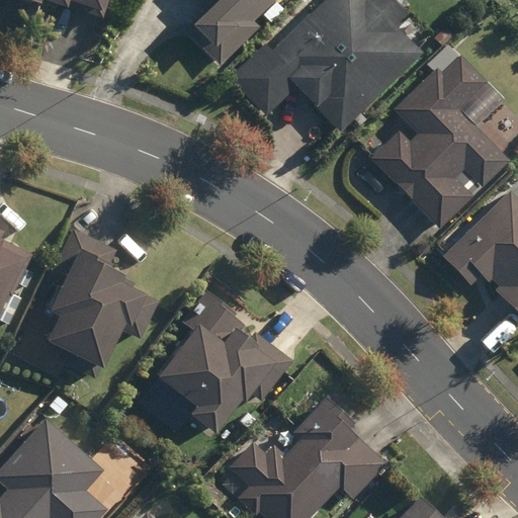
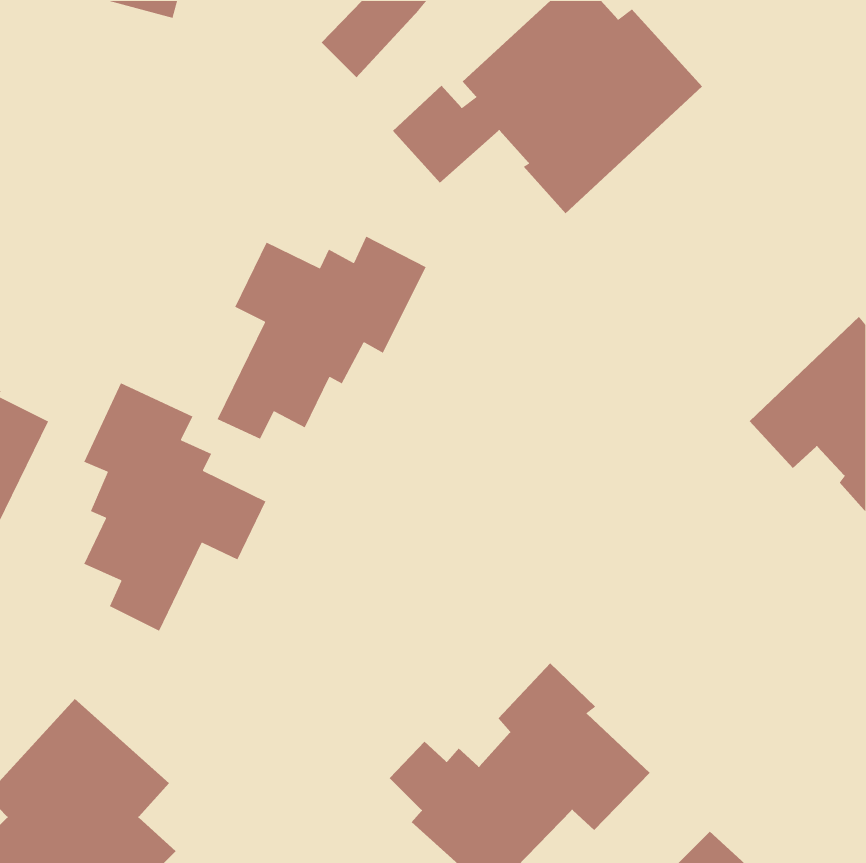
building: [371,56,511,227] -> none
building: none -> [217,236,427,440]
building: [160,291,287,432] -> none

